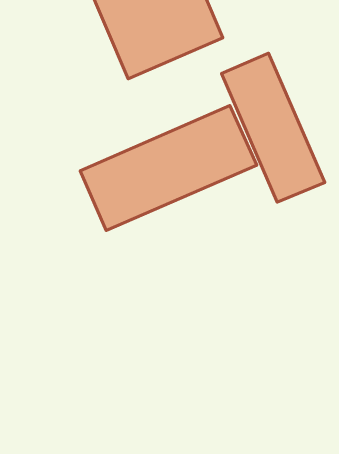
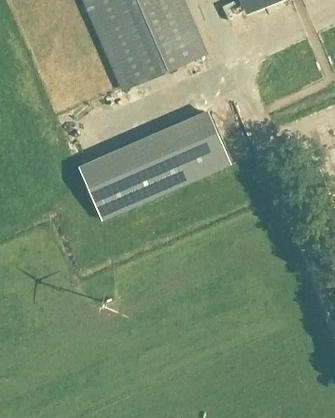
building: [222,53,325,202] -> none

